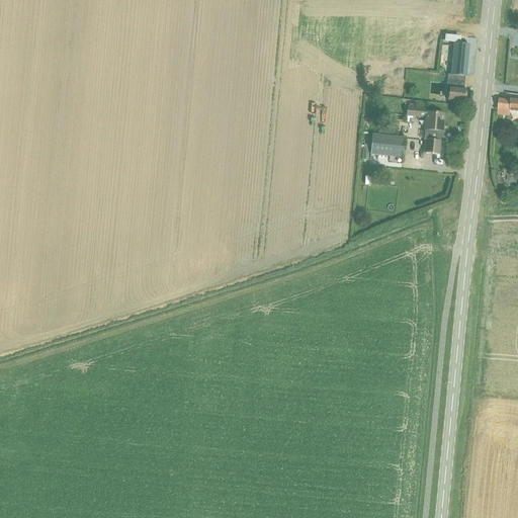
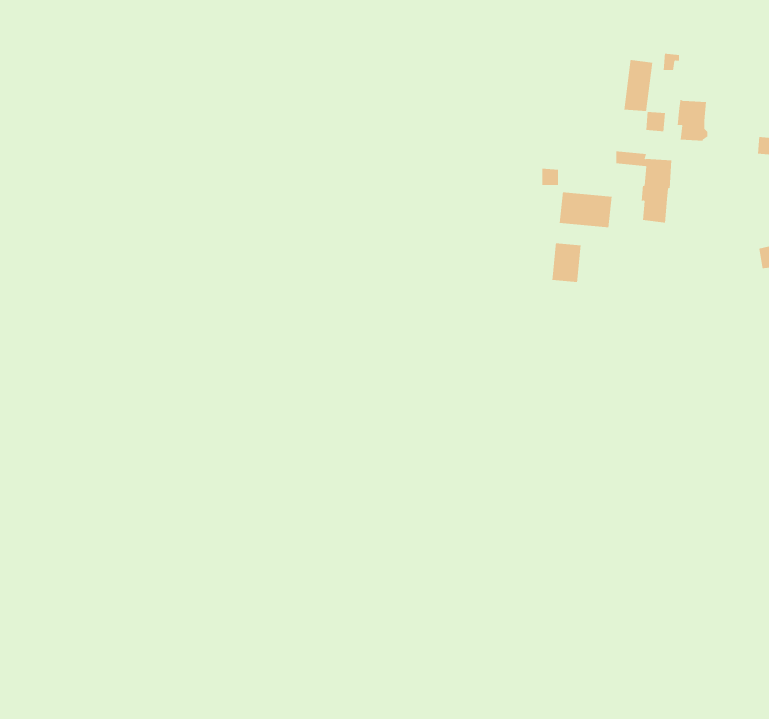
building: [450,41,469,75] -> [623,59,653,111]
building: none -> [552,242,581,283]

